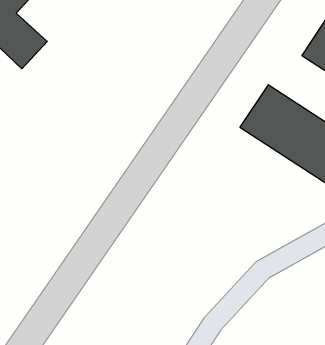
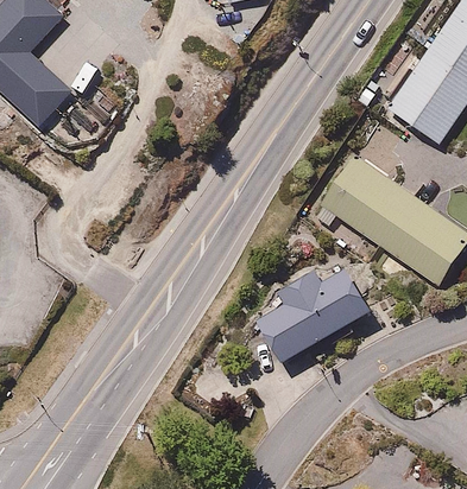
building: none -> [257,269,371,362]

